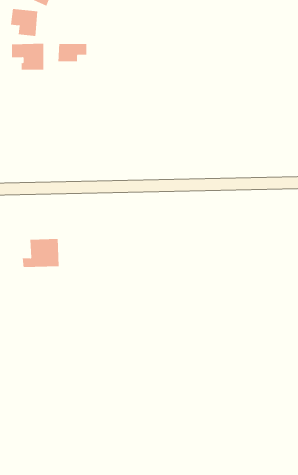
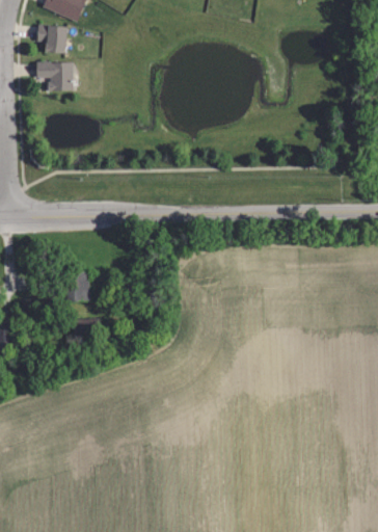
building: [58,43,87,62] -> none

